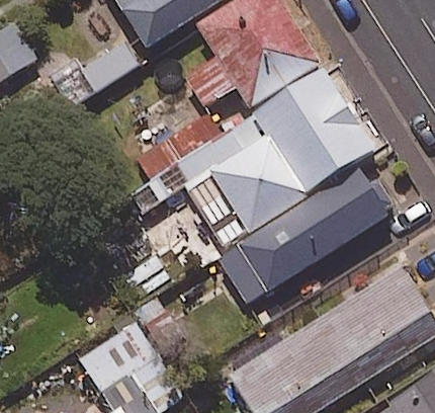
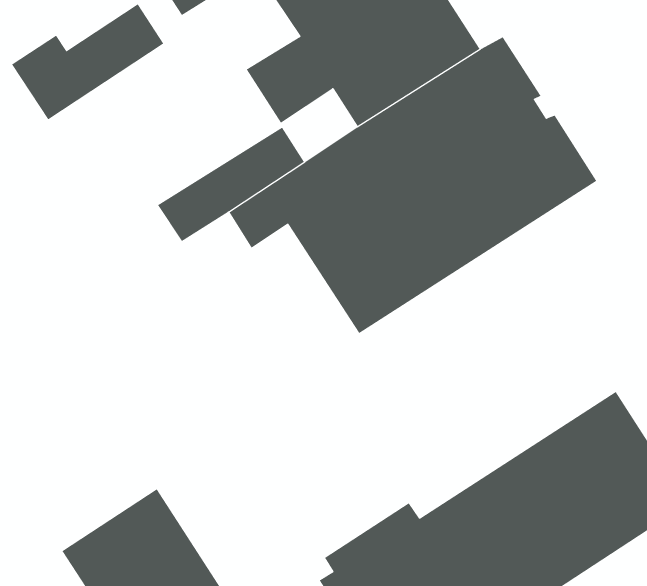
building: [221,170,392,303] -> none

